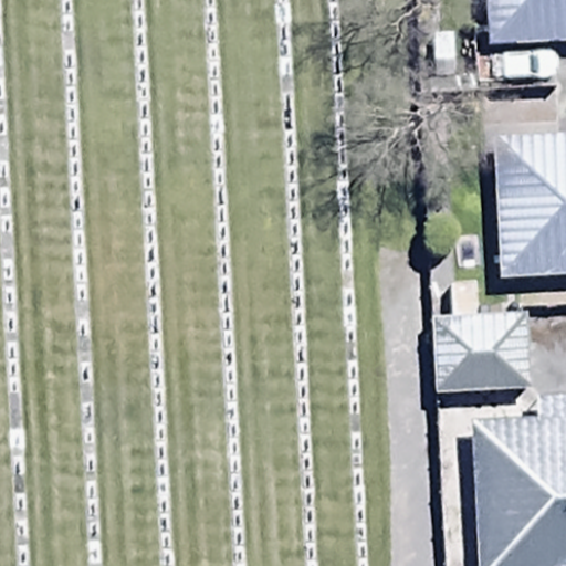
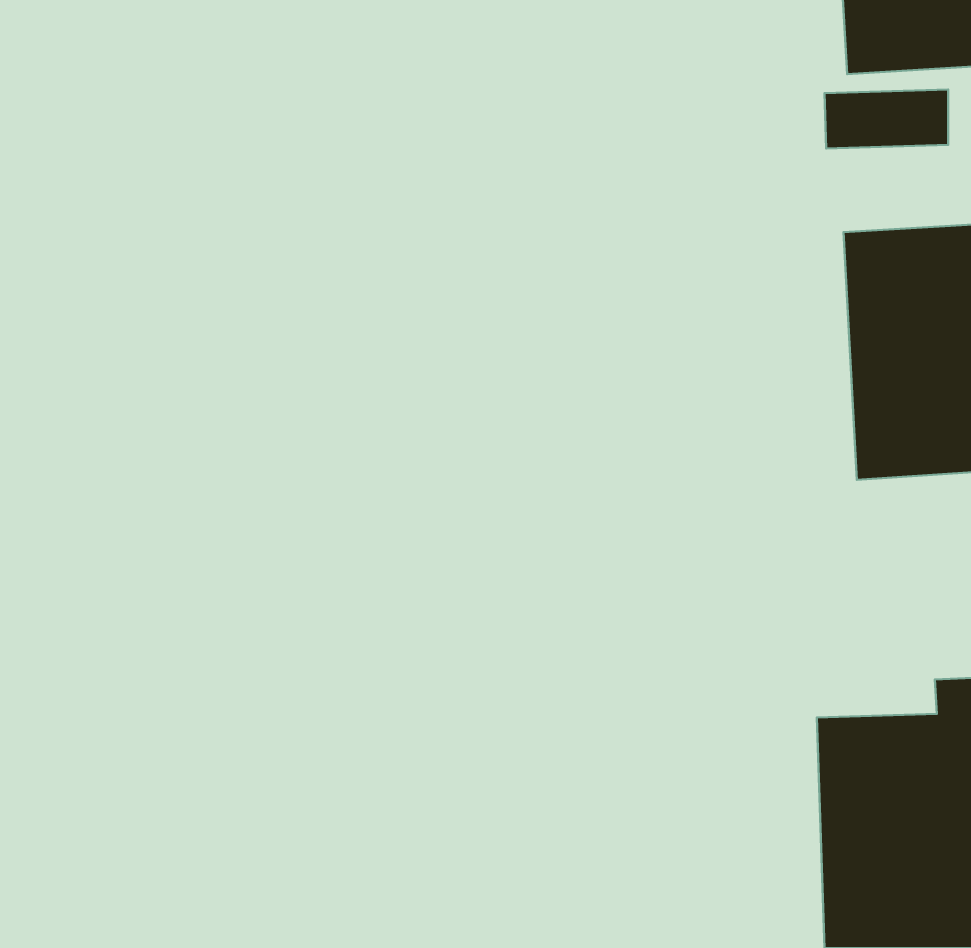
building: [434,279,534,394] -> none

